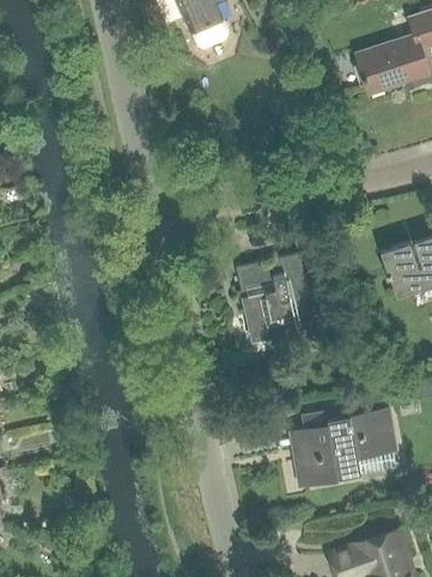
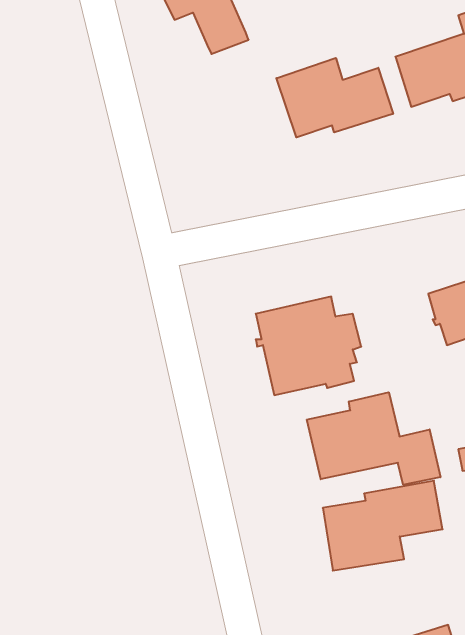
building: none -> [276,58,393,137]
building: none -> [307,392,440,485]

